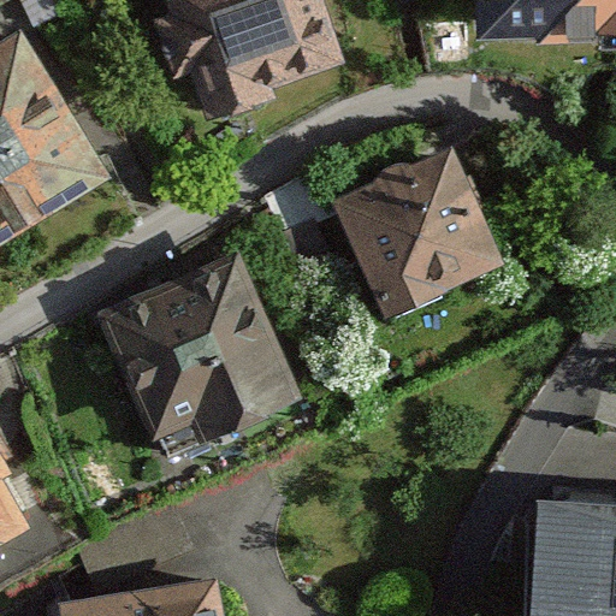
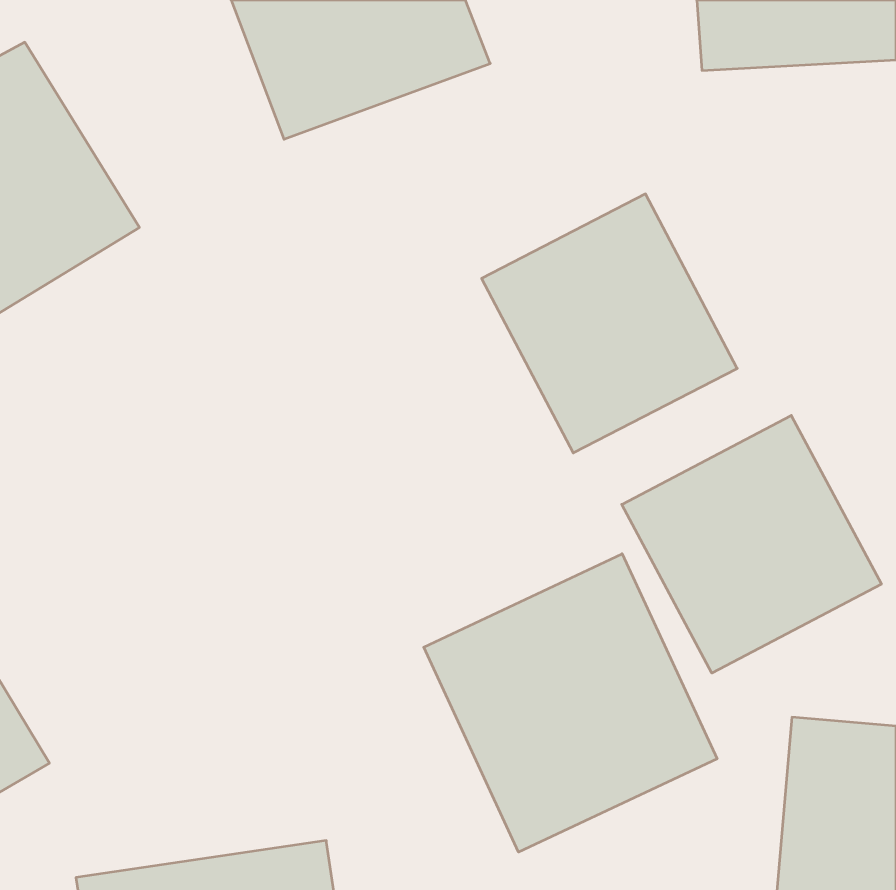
building: [106,247,302,450] -> none
building: none -> [622,415,881,673]
building: none -> [424,554,717,852]

